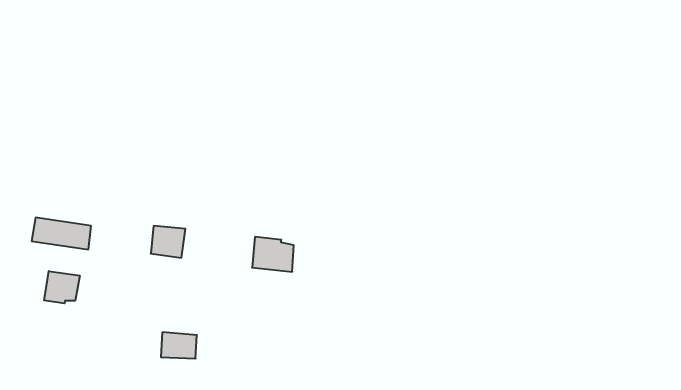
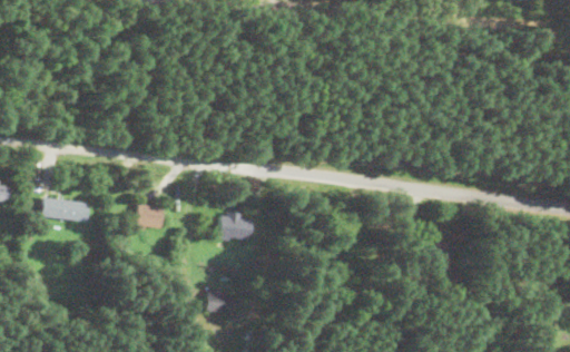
building: [44,271,80,303] -> none
building: [161,332,197,359] -> [207,291,236,312]

